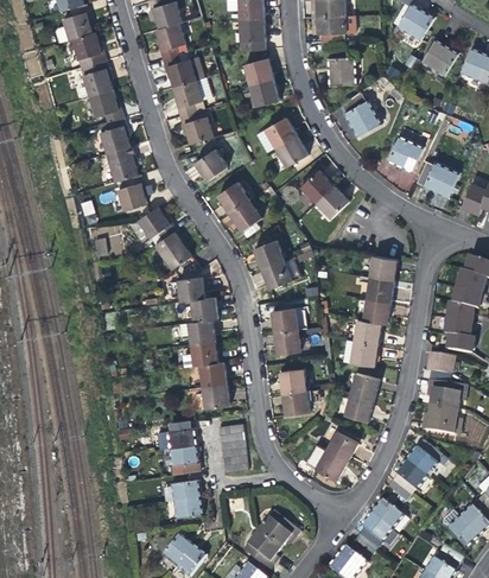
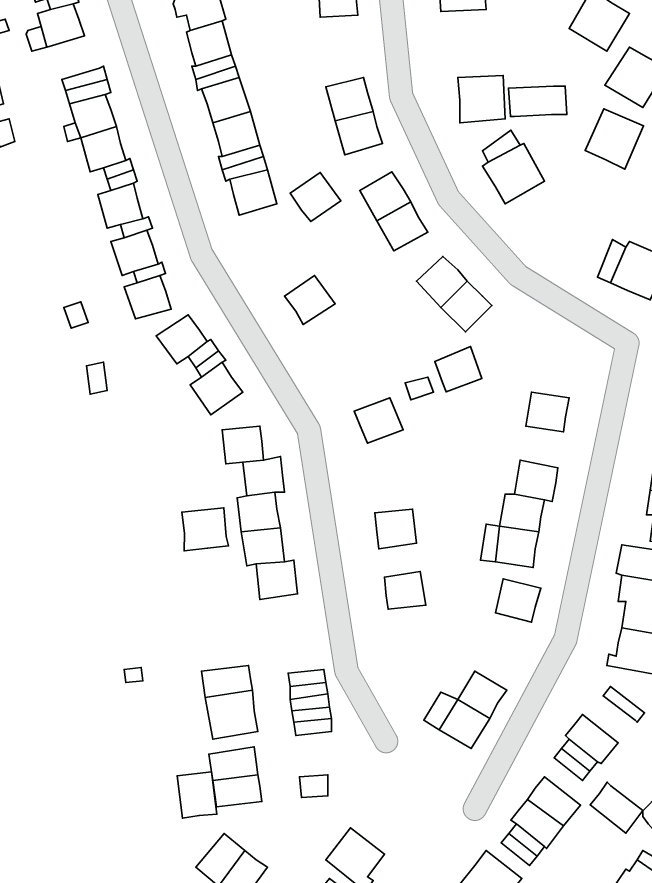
building: [316,15,353,34] -> [509,86,567,116]
building: [240,19,265,51] -> none
building: [71,31,101,59] -> none
building: [386,135,423,173] -> [585,109,644,169]
building: [195,150,227,180] -> [290,173,341,222]
building: [229,201,261,231] -> none
building: [254,240,284,268] -> [435,347,482,392]
building: [366,278,393,304] -> none
building: [272,307,298,332] -> none
building: none -> [182,508,228,551]
building: [202,383,229,408] -> none
building: [282,390,309,415] -> none
building: [344,395,373,421] -> none
building: [405,445,438,477] -> [590,782,643,833]
building: none -> [177,772,217,818]
building: [259,510,299,547] -> none

